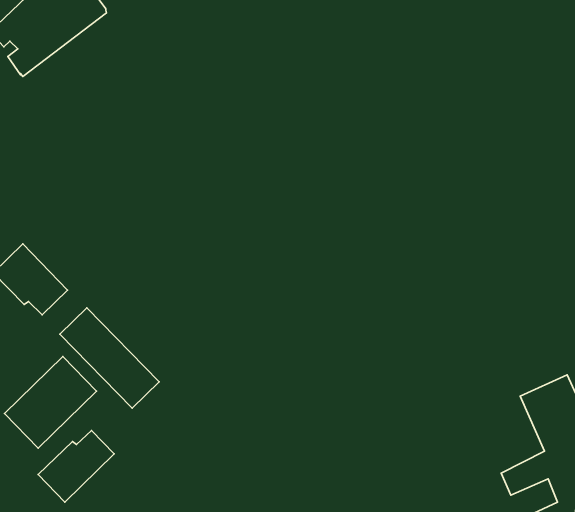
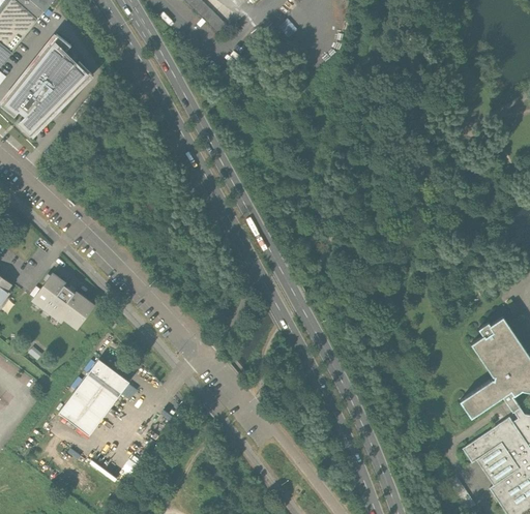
building: [60,308,159,408] -> none
building: [38,430,114,502] -> none

